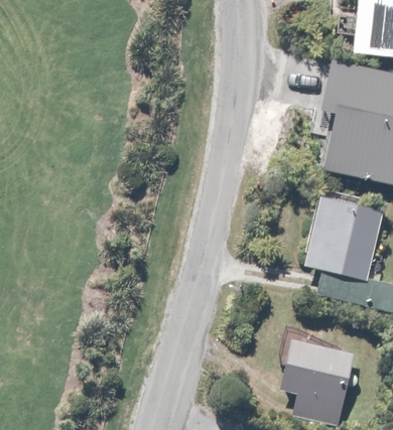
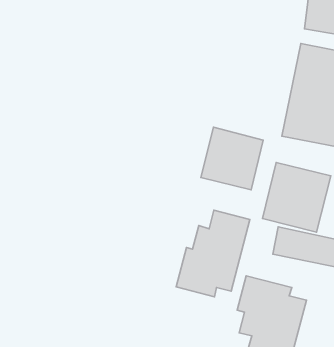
building: none -> [201,127,263,190]
building: none -> [176,210,250,297]

